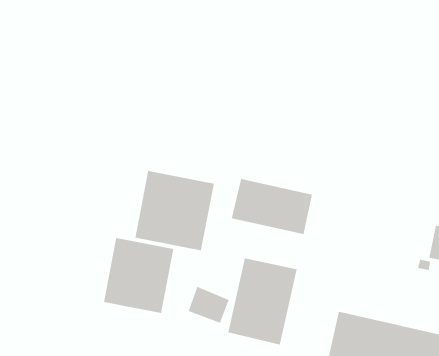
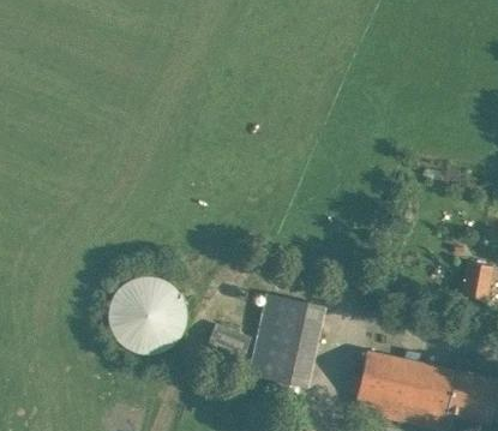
building: [135,170,214,251] -> none
building: [231,178,313,235] -> none

